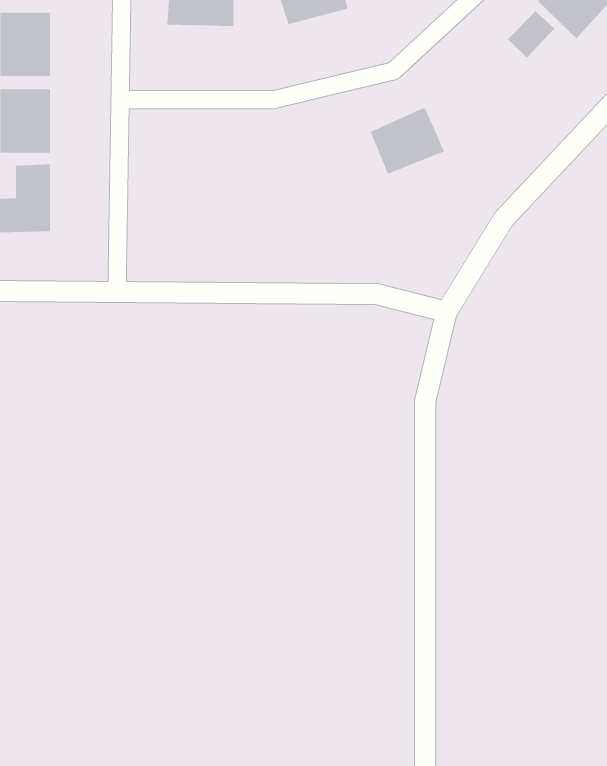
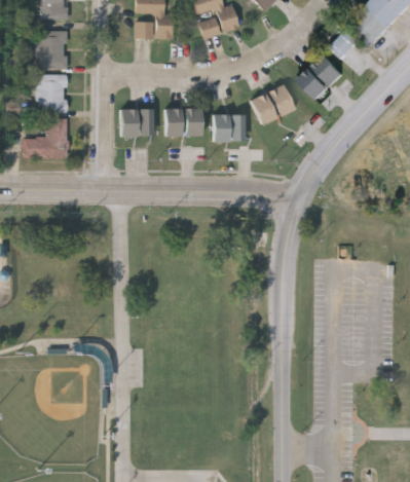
building: none -> [298,53,343,99]
building: none -> [164,108,200,136]
building: none -> [120,109,152,136]
building: none -> [212,114,245,142]

